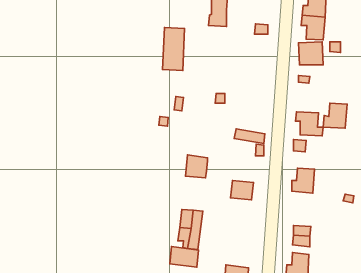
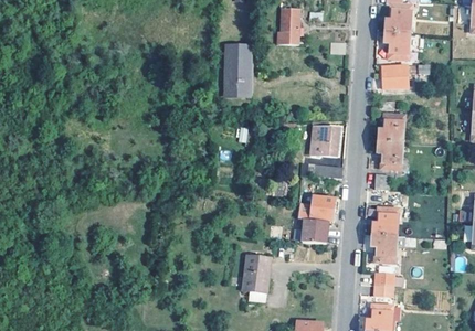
building: none -> [309,121,338,157]
building: [323,103,347,128] -> [378,115,405,143]
building: [185,155,207,178] -> [308,195,334,222]
building: none -> [371,234,397,264]
building: [170,247,199,267] -> none

